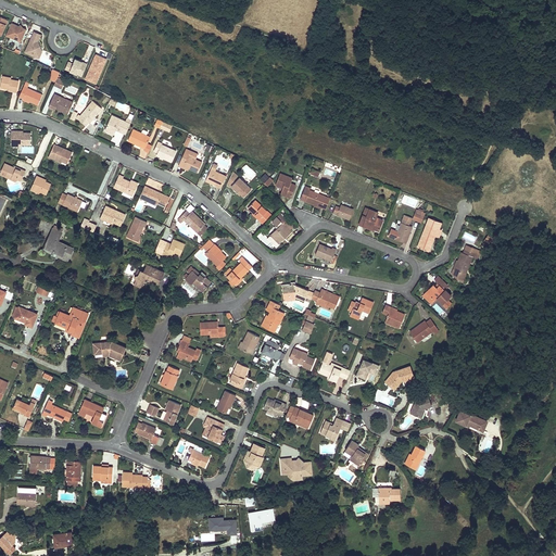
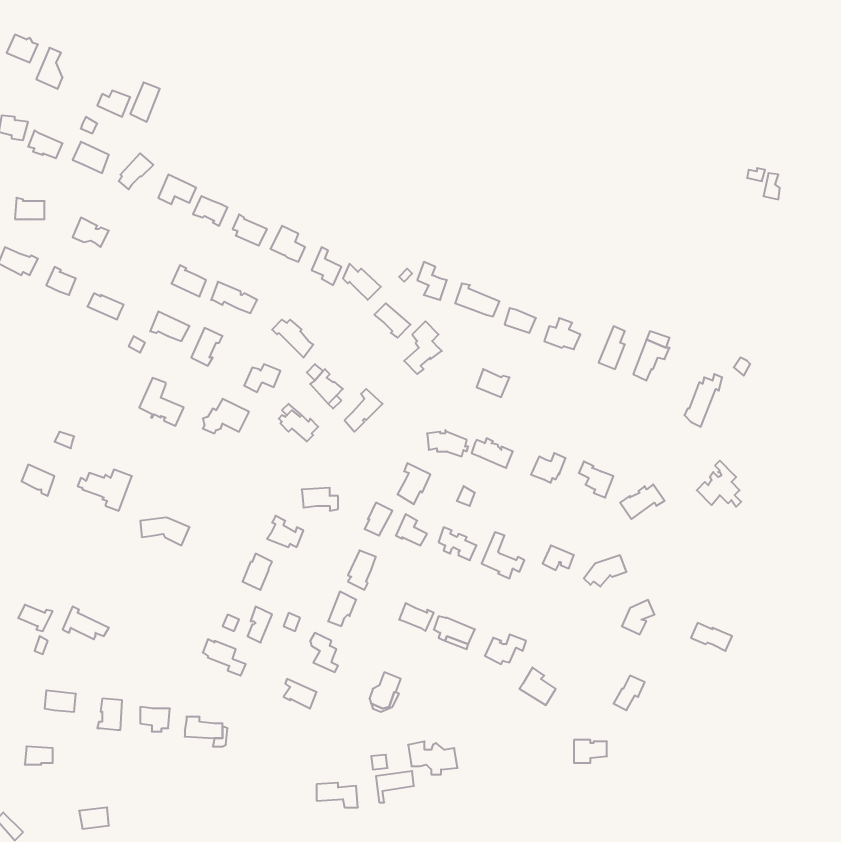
building: [43,228,73,260] -> [139,378,184,426]
building: [421,276,451,306] -> [697,461,741,507]
building: [77,399,106,427] -> none
building: [279,457,312,479] -> [408,741,458,774]

